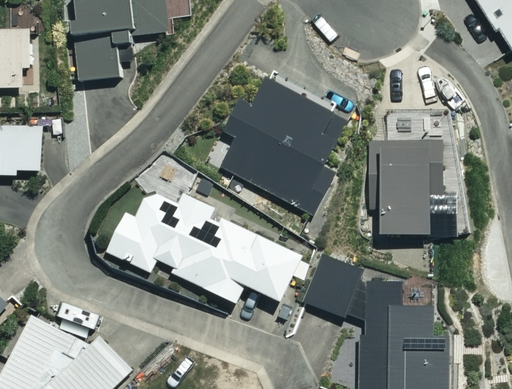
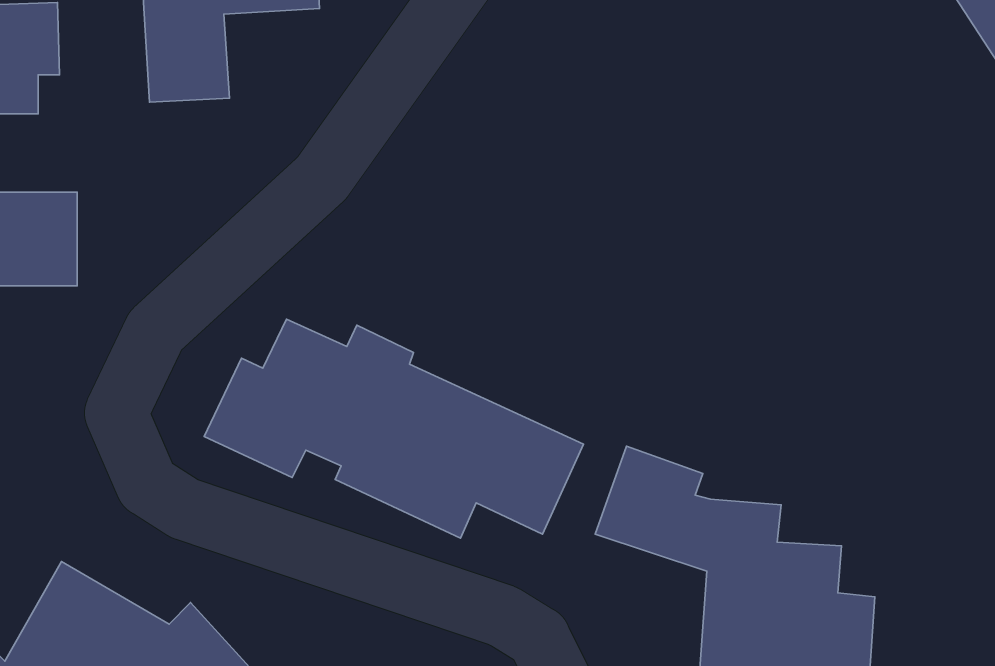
building: [222,79,346,215] -> none
building: [367,140,441,233] -> none

